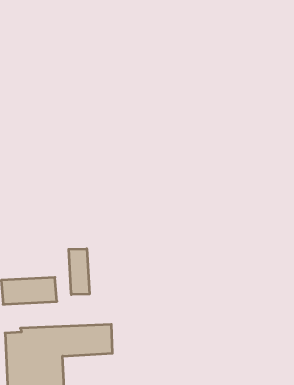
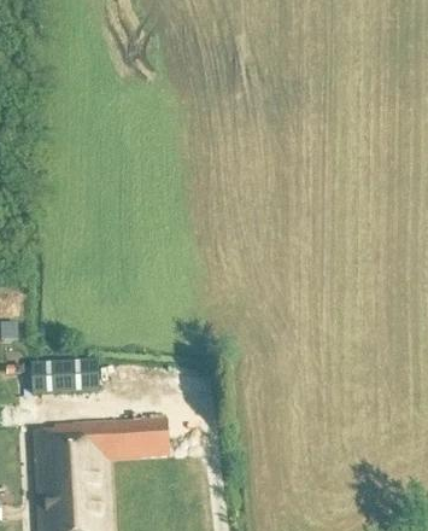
building: [69,249,89,295] -> none

